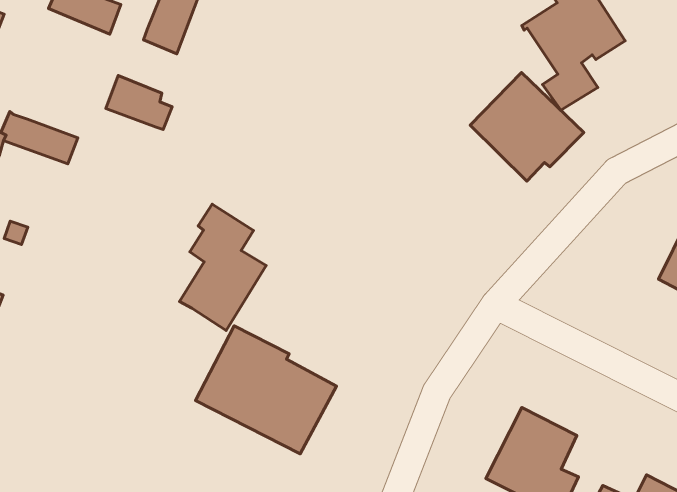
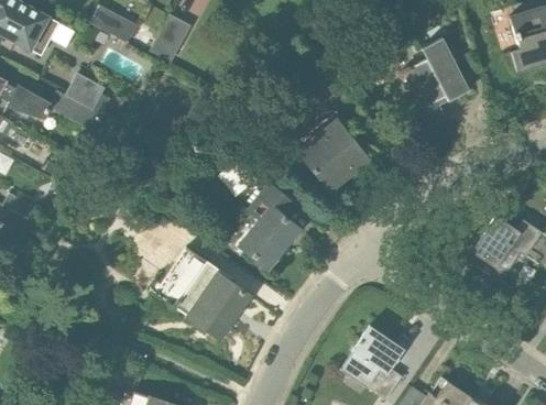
building: [470,72,584,181] -> [294,114,369,187]
building: [106,76,172,130] -> [66,73,110,112]
building: [179,204,266,330] -> [239,184,299,269]

